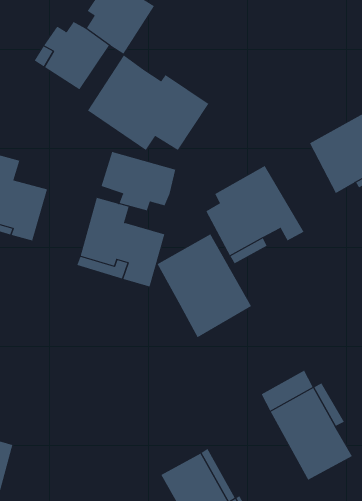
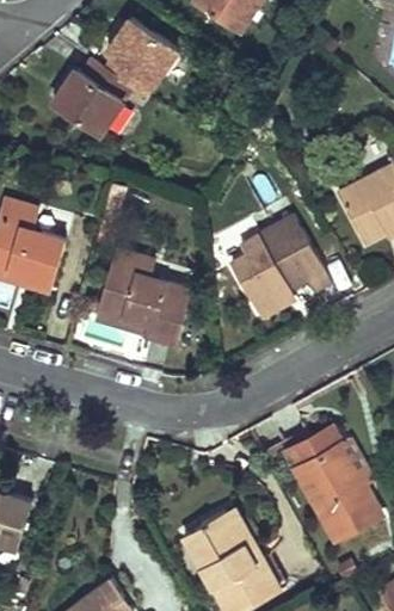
building: [87,55,209,151] -> none
building: [101,151,176,211] -> none
building: [157,234,252,338] -> none

